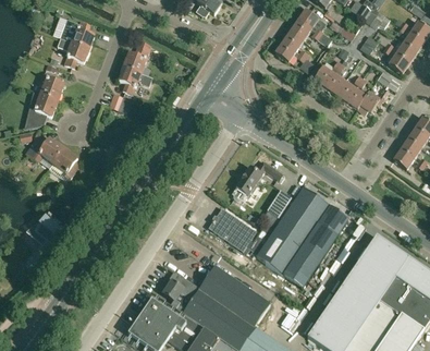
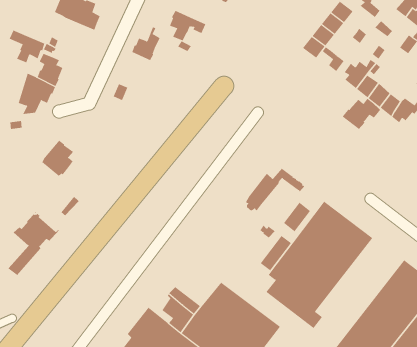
building: [58,37,90,66] -> [9,29,45,63]
building: [120,65,152,93] -> [169,10,206,41]
building: none -> [342,98,381,130]
building: [26,137,64,166] -> none
building: [209,207,257,251] -> none

